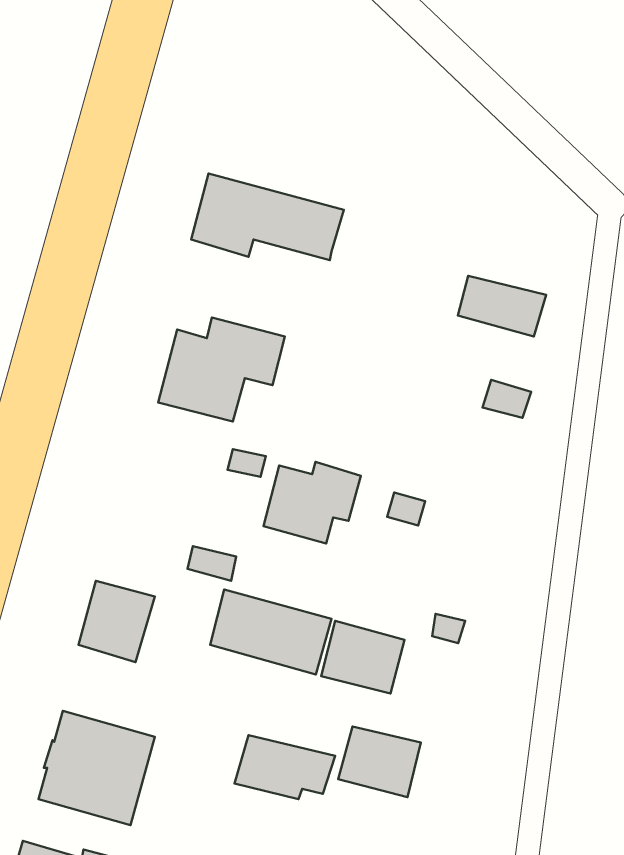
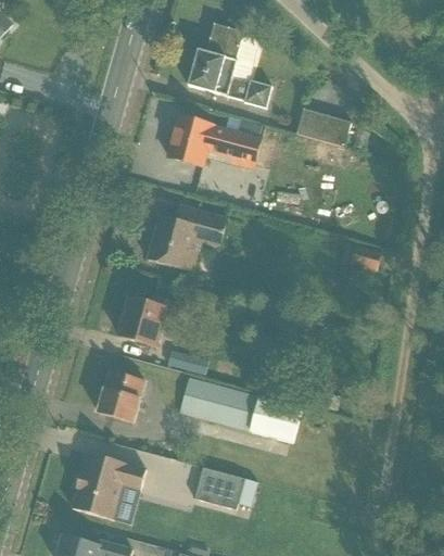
building: none -> [188,22,270,106]
building: [458,276,546,336] -> [295,108,351,146]
building: [264,462,361,543] -> [118,294,179,345]
building: [338,727,421,797] -> none

